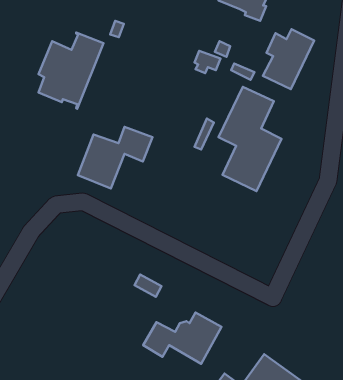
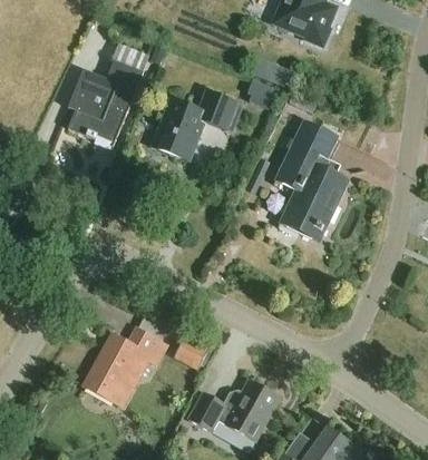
building: [263,29,314,89] -> none
building: [78,127,152,189] -> [152,90,237,162]
building: none -> [84,316,168,408]

